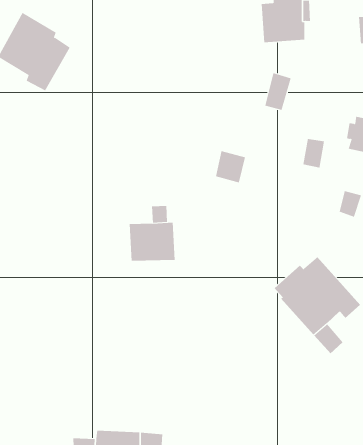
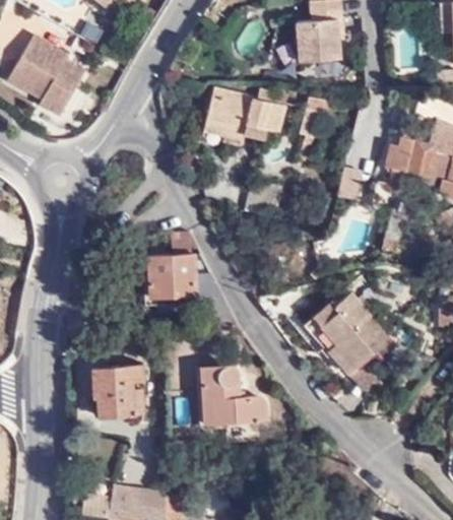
building: none -> [201,84,284,145]
building: none -> [92,366,144,418]
building: none -> [201,368,272,430]

